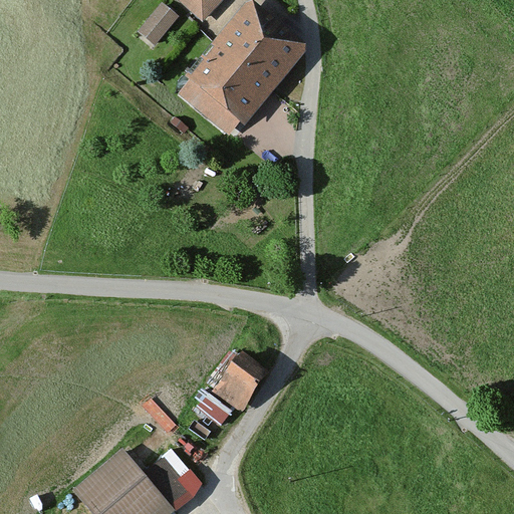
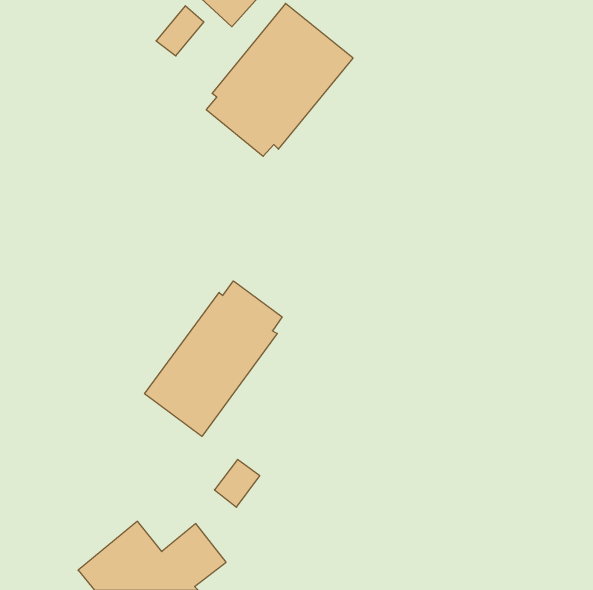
building: none -> [145,281,282,436]
building: [216,355,264,406] -> none

